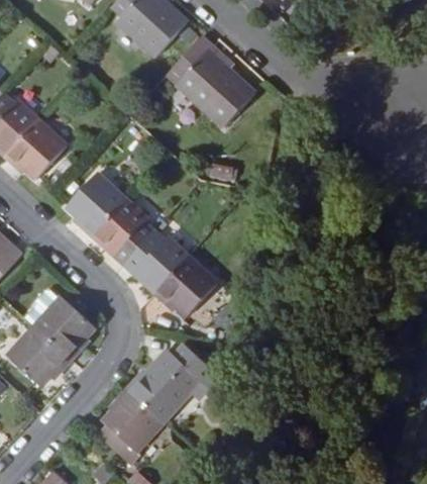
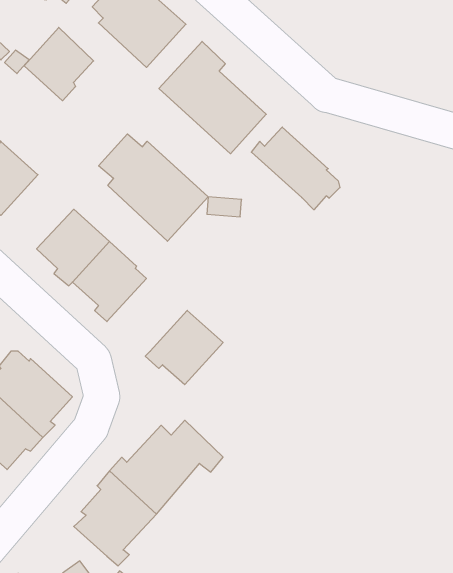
building: none -> [24,27,94,101]
building: none -> [251,127,340,210]
building: none -> [99,134,208,241]
building: [124,229,190,289] -> none

